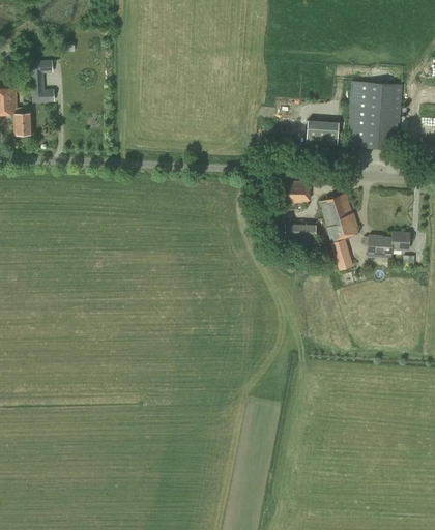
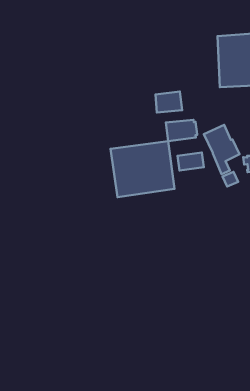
building: [304,120,337,144] -> [155,91,182,113]
building: none -> [110,141,174,197]

